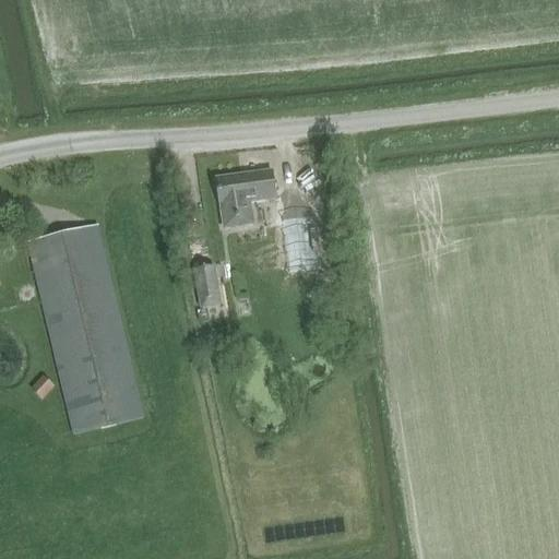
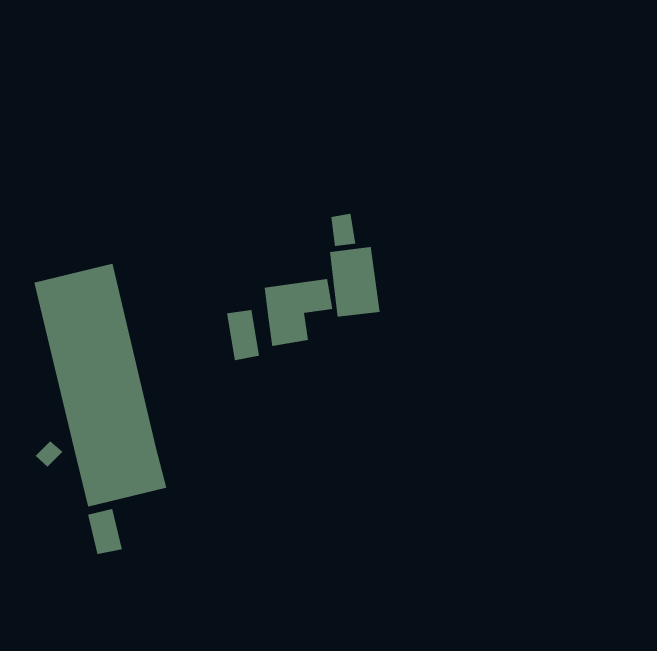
building: [216,169,275,227] -> [264,279,333,347]
building: none -> [88,508,122,555]

